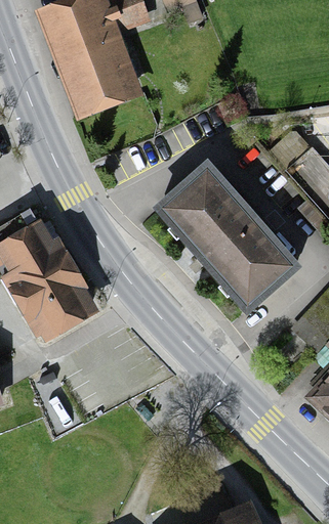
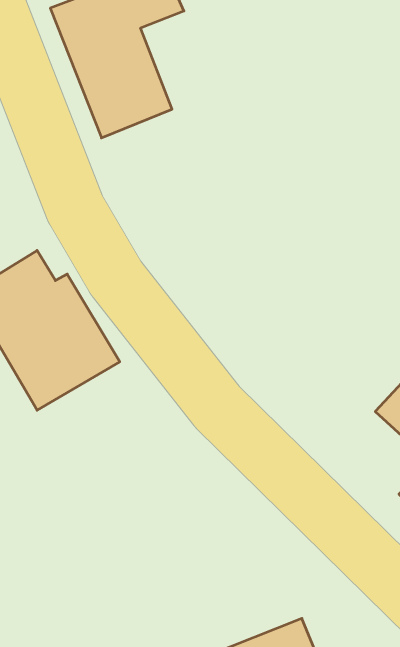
building: [156,158,292,301] -> none

